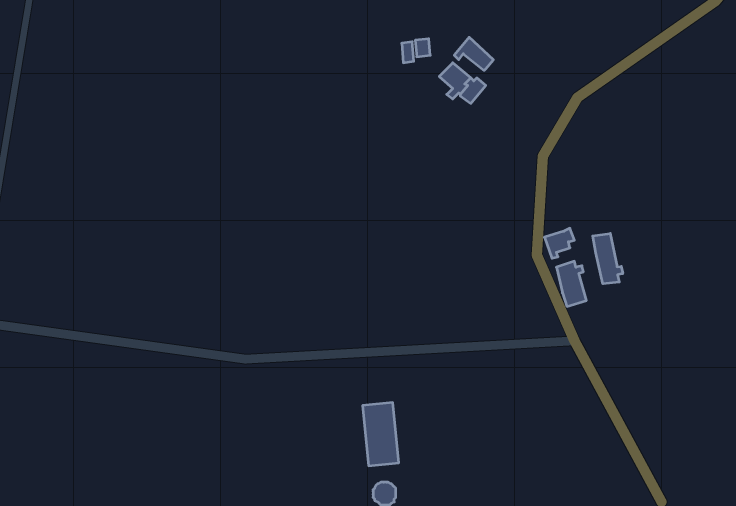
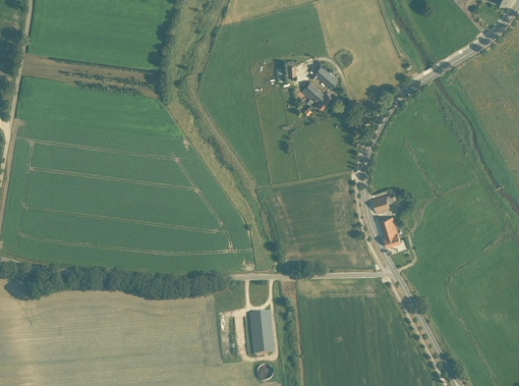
building: [593,233,623,284] -> none

